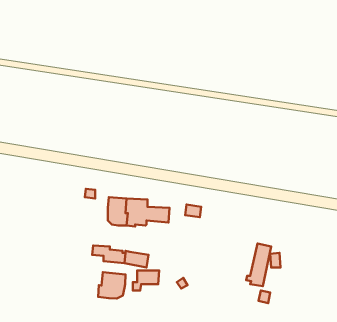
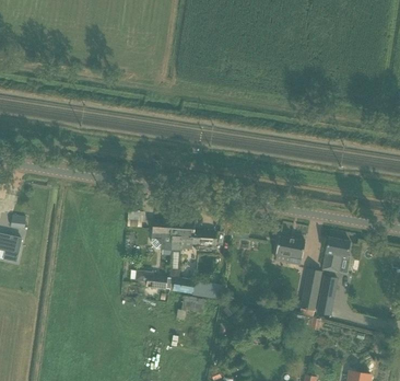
building: none -> [275,238,304,264]
building: none -> [321,238,349,273]
building: [98,272,125,298] -> none

